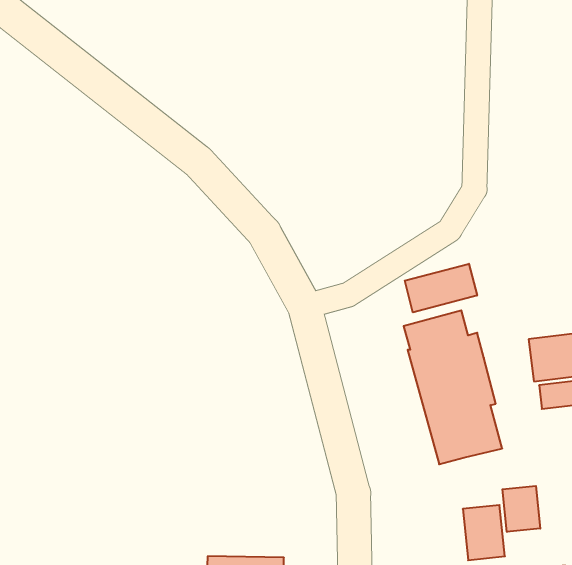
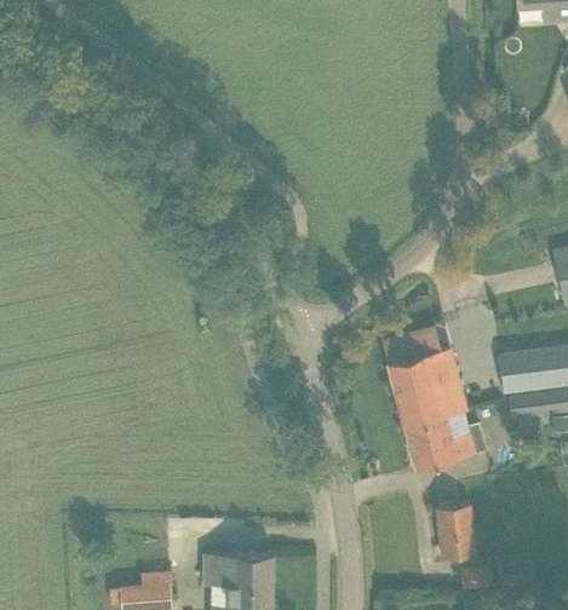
building: [405,264,477,312] -> none
building: [502,486,540,532] -> none

